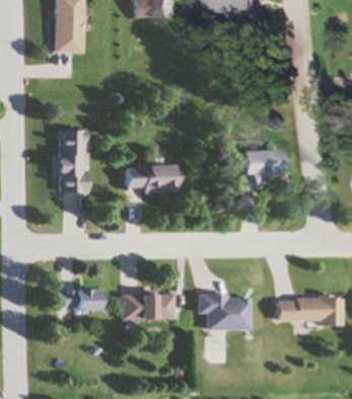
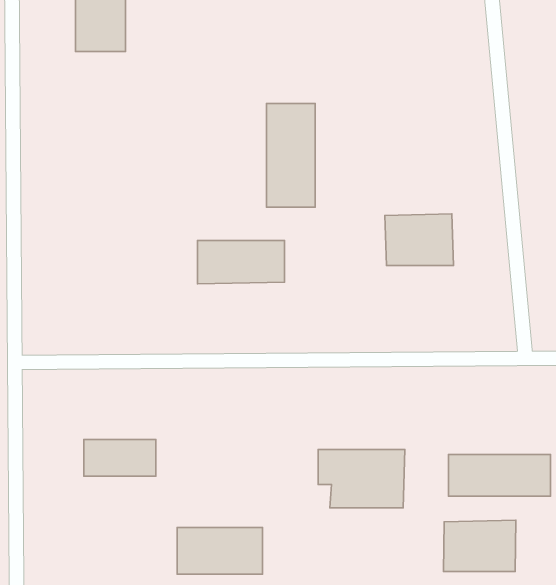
building: [55,131,84,193] -> [267,103,315,207]
building: [121,291,172,319] -> [177,527,262,574]
building: none -> [444,520,516,571]

